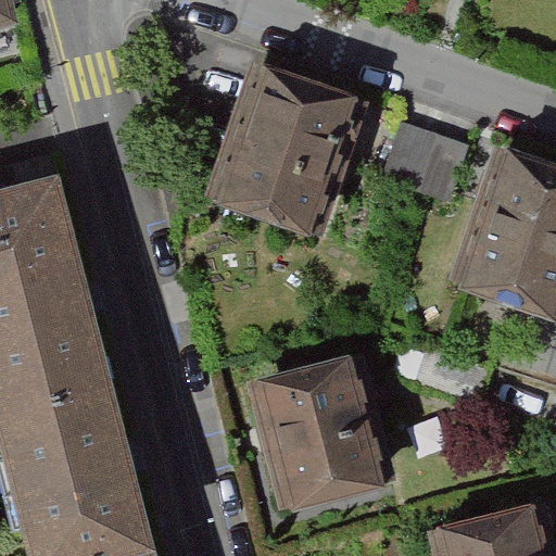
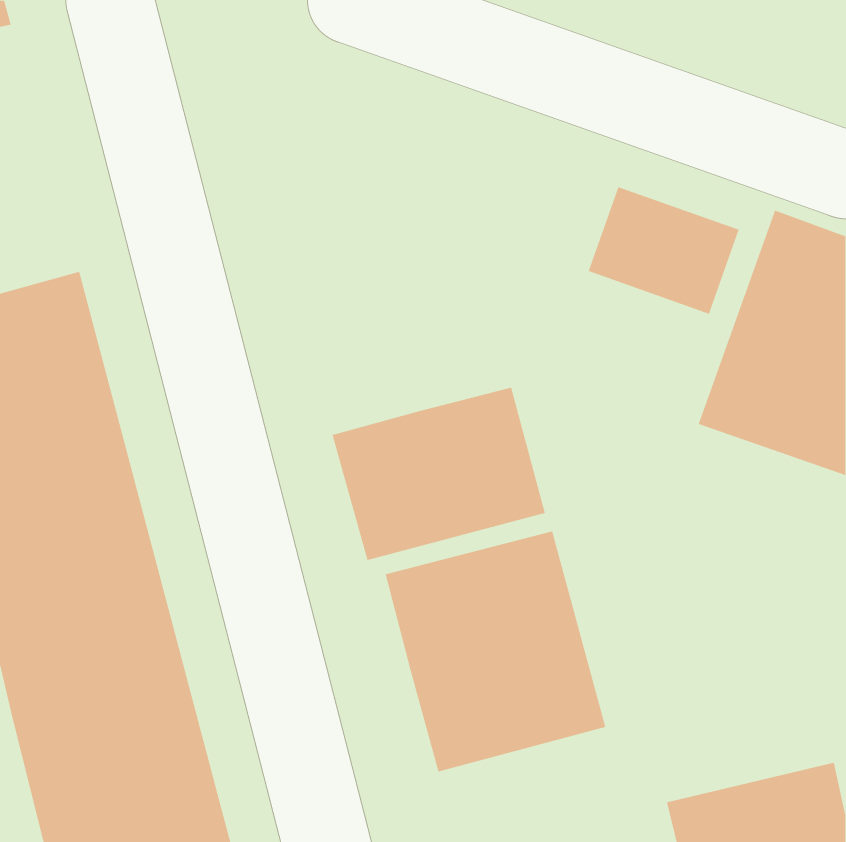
building: [212,58,369,231] -> none
building: none -> [332,387,546,561]

